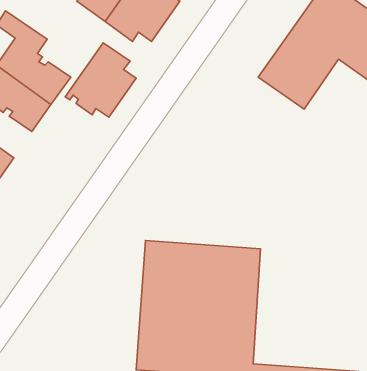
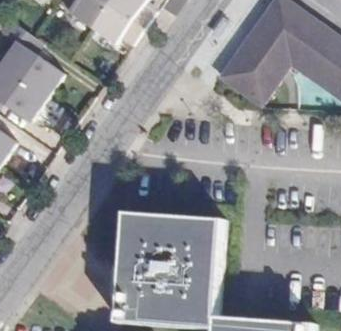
building: [65,43,136,117] -> none

